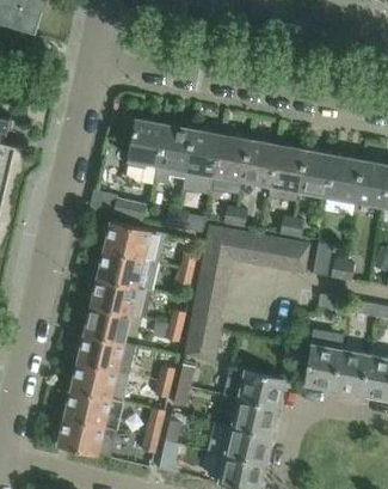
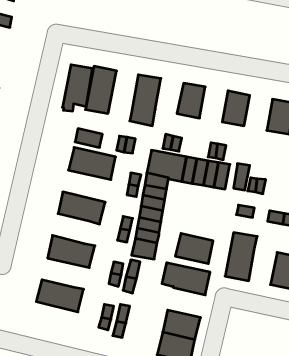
building: [154,124,192,183] -> [62,65,93,111]
building: [214,134,250,178] -> none
building: [270,145,306,189] -> none
building: [326,155,362,200] -> none
building: [97,250,158,291] -> none
building: [84,305,131,343] -> none
building: [332,349,368,395] -> none
building: [70,361,130,401] -> none
building: [229,398,277,436] -> [175,233,213,264]
building: [57,416,116,458] -> none

